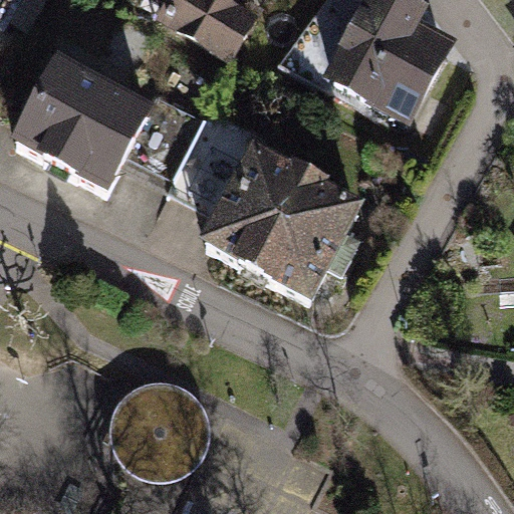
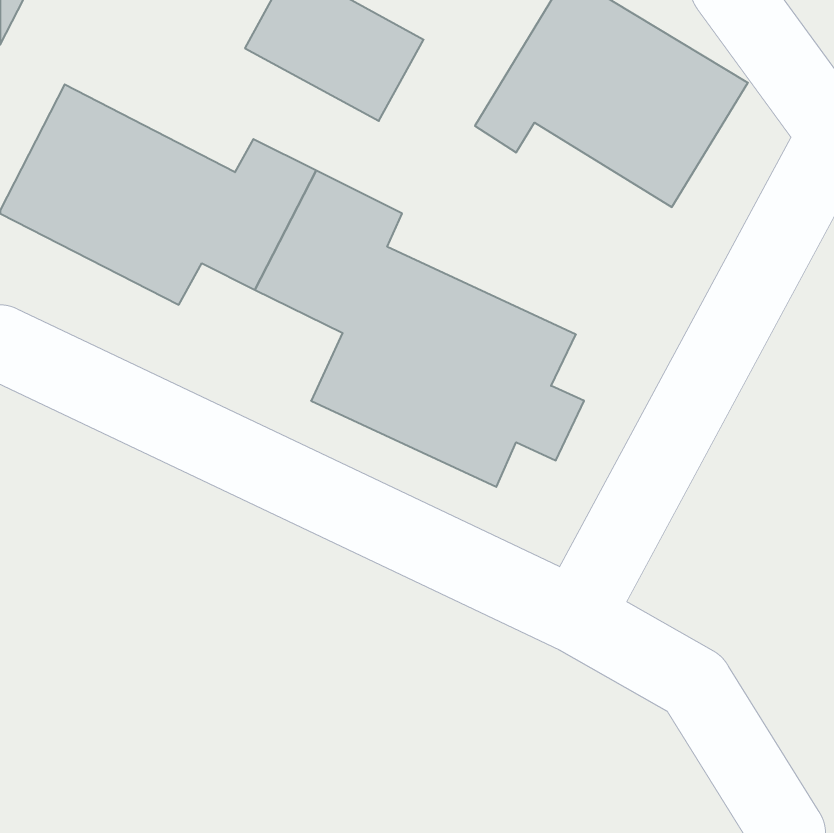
building: [111,380,207,477] -> none

